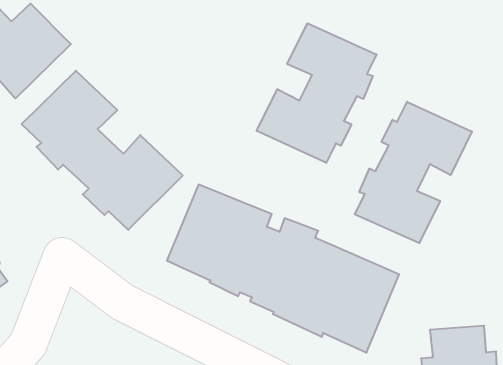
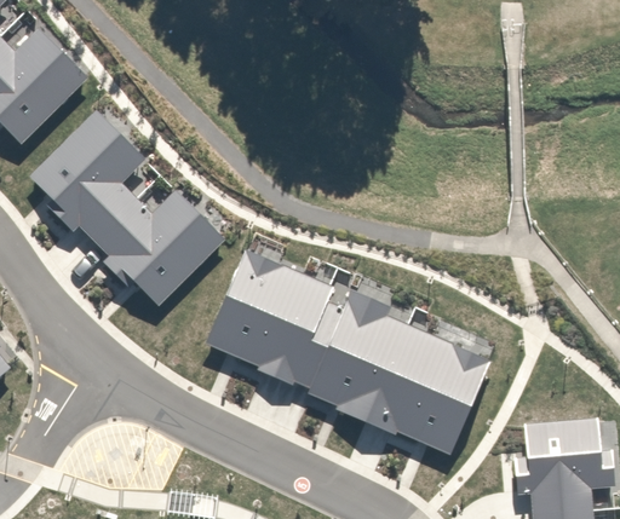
building: [257,23,377,163] -> none
building: [355,102,472,243] -> none

